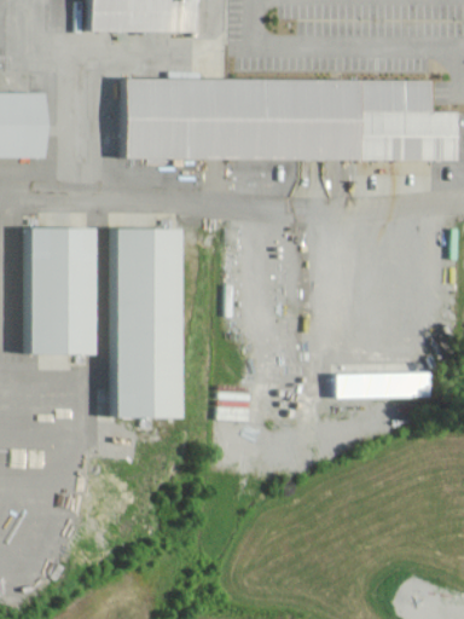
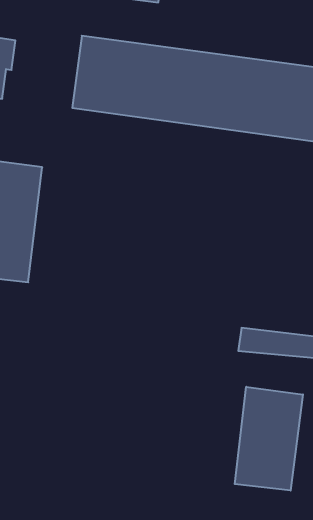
building: [109,228,184,418] -> none
building: none -> [235,387,303,491]

